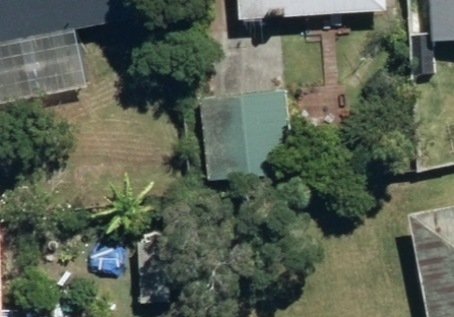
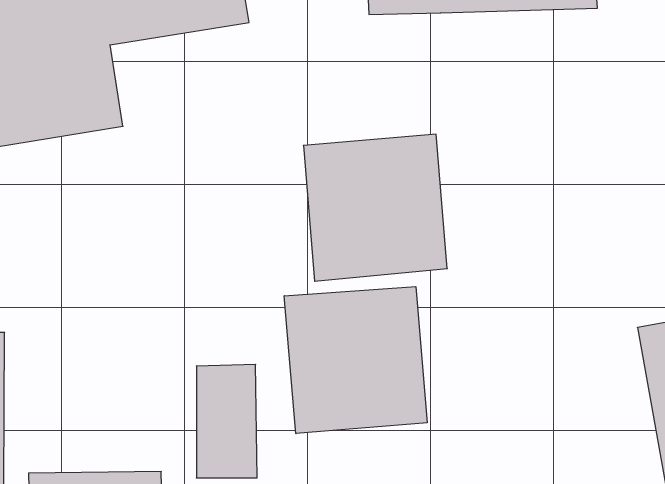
building: none -> [284,287,427,434]

